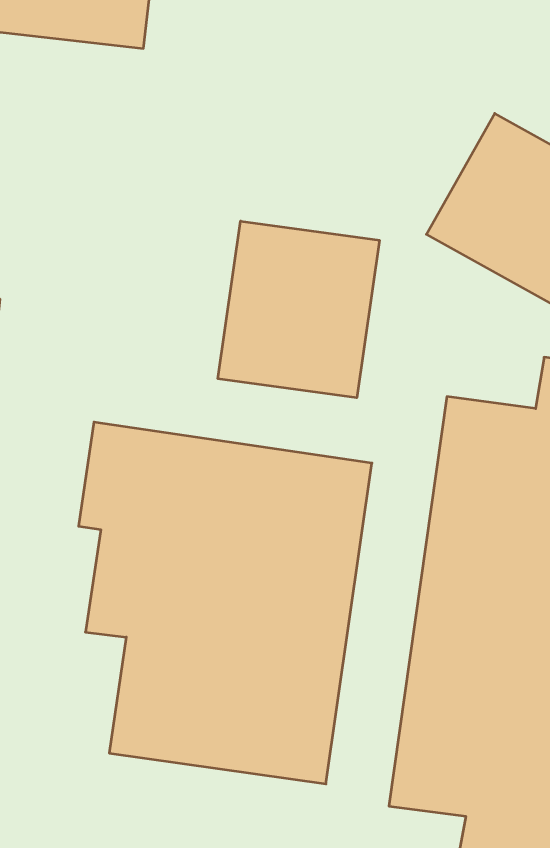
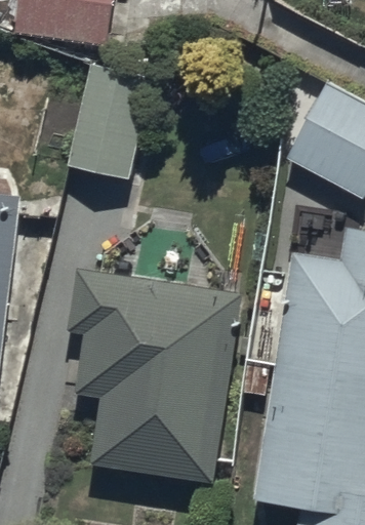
building: none -> [65,51,154,180]
building: [218,221,379,398] -> none

